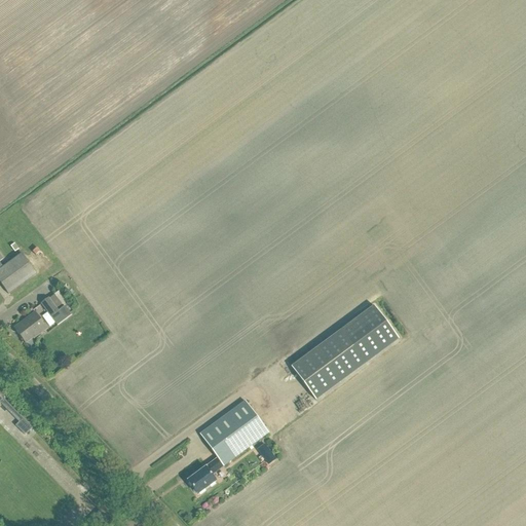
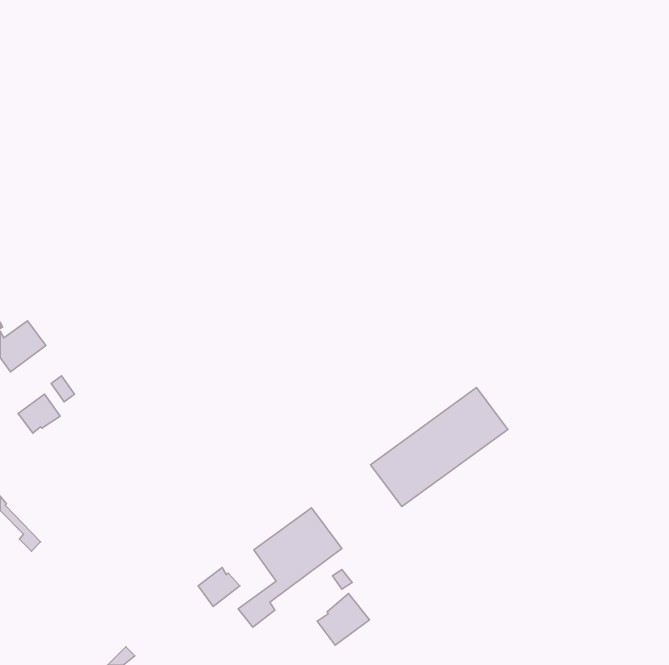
building: none -> [198,567,240,607]
building: none -> [317,594,369,645]

